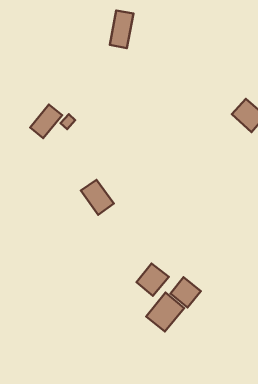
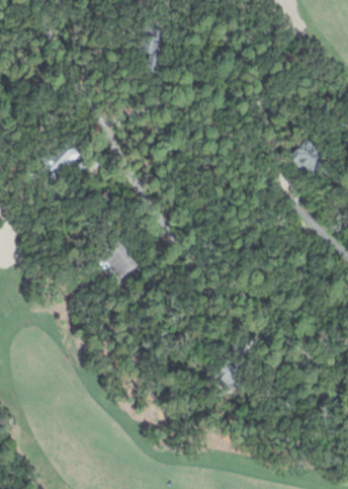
building: [136,263,169,296] -> none
building: [146,292,184,332] -> none

